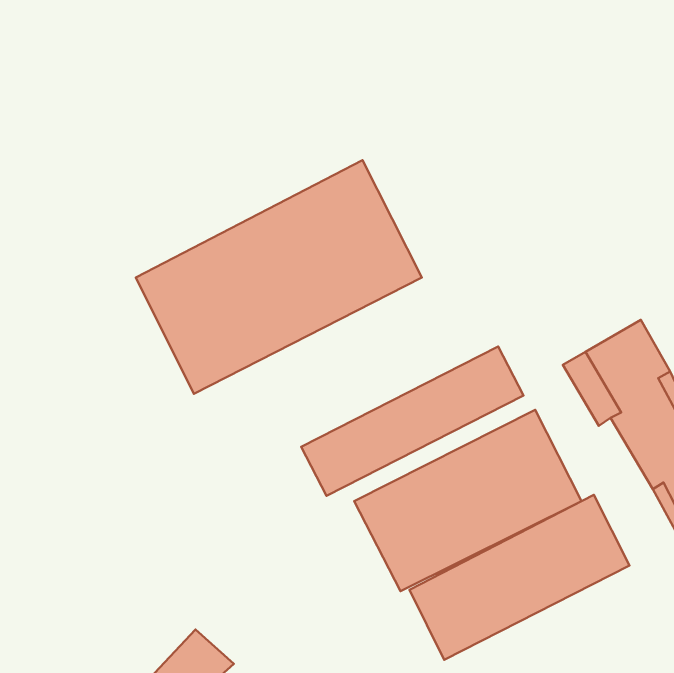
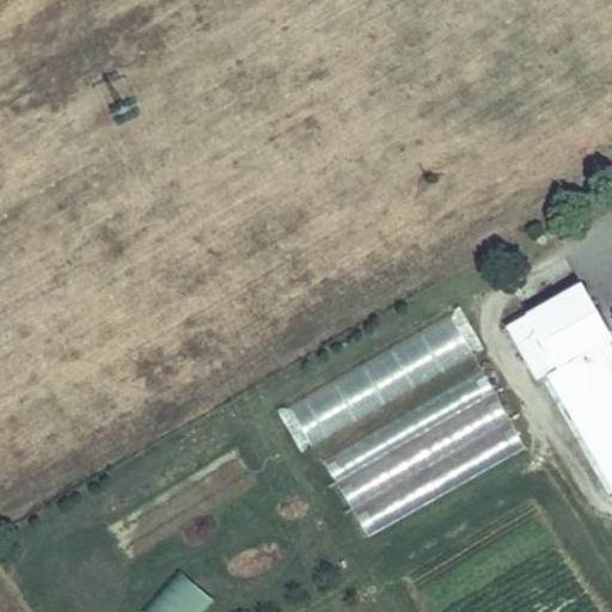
building: [136,160,422,394] -> none
building: [409,495,629,660] -> none

